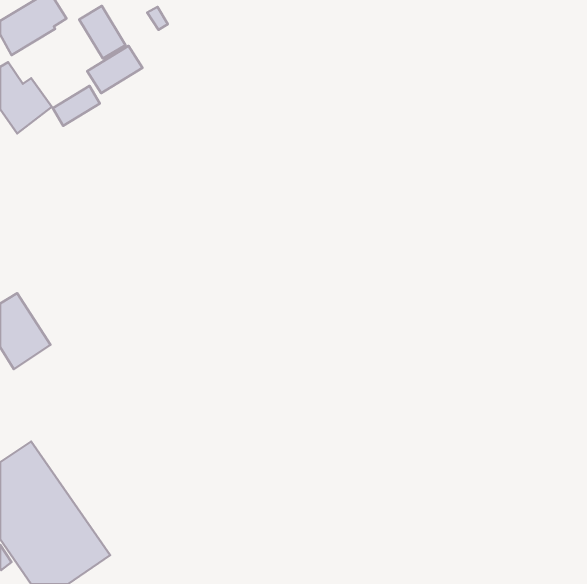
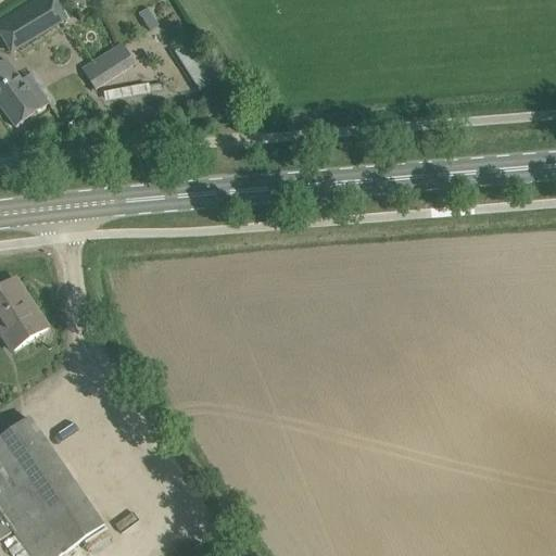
building: [79,6,126,58] -> none
building: [53,86,100,126] -> none

